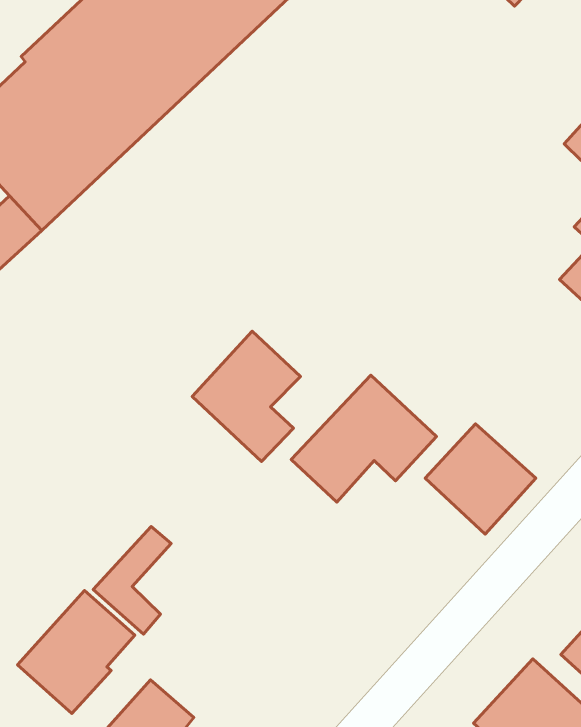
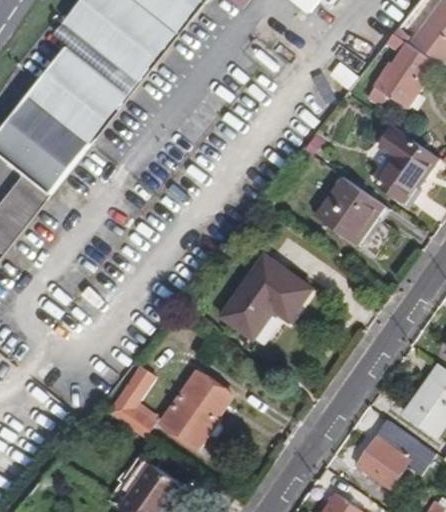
building: [192,331,301,461] -> none
building: [425,424,536,534] -> [315,176,384,244]
building: [17,590,135,714] -> [160,371,231,449]

